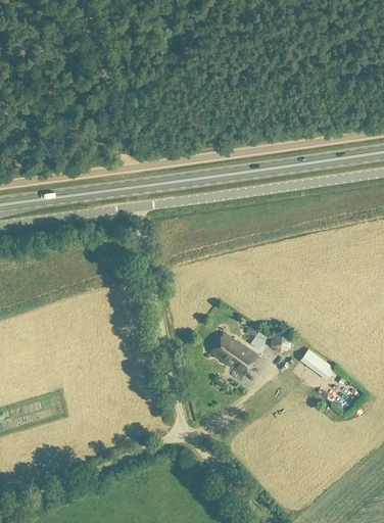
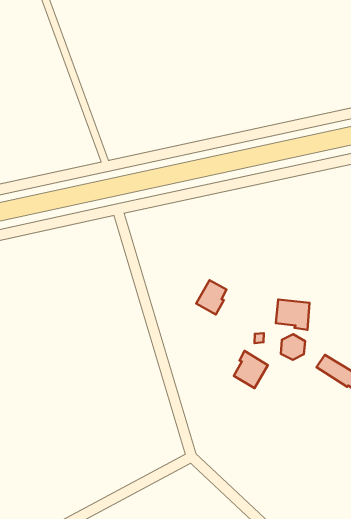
building: none -> [276,299,309,330]
building: [209,332,237,363] -> [196,280,226,315]

